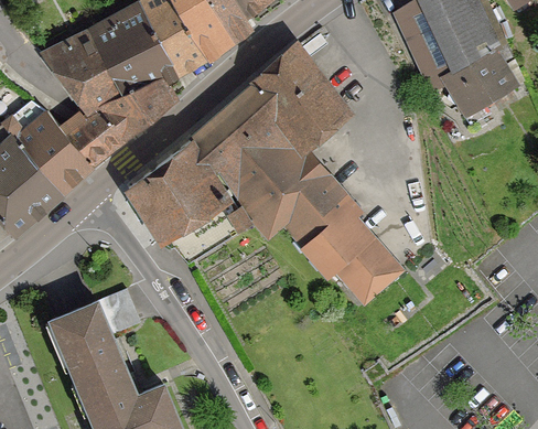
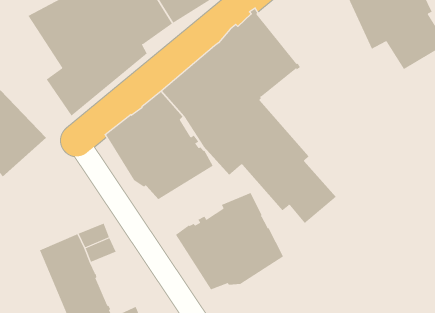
building: [13,114,88,191] -> none
building: none -> [175,192,284,290]

